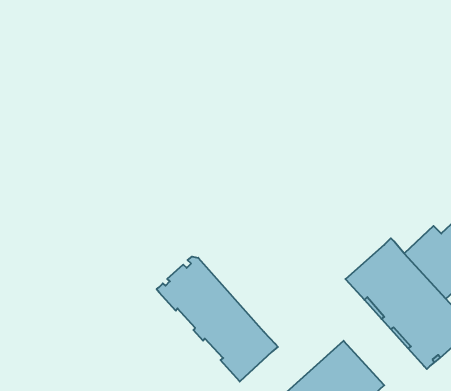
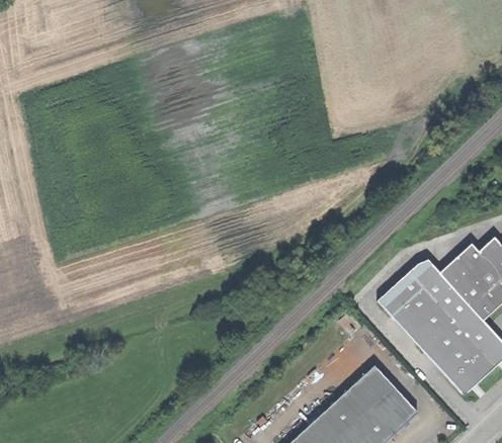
building: [157,257,278,382] -> none

